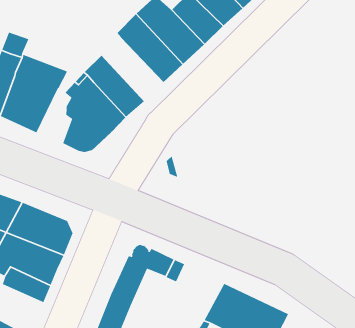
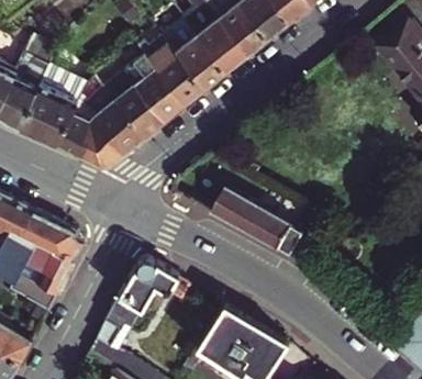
building: none -> [124,59,182,124]
building: none -> [54,103,90,158]
building: none -> [218,196,304,260]

